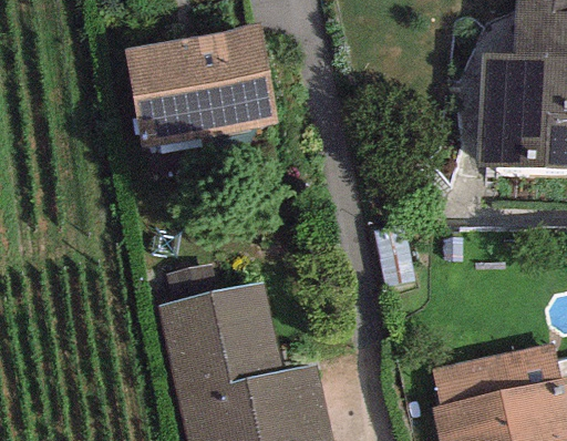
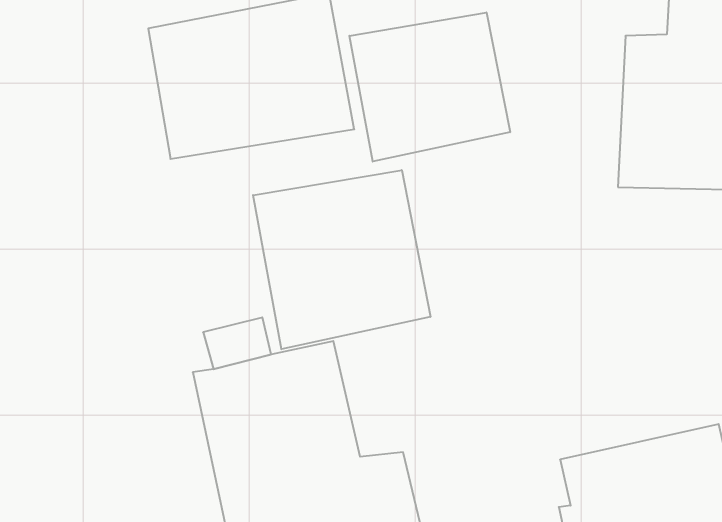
building: none -> [349,12,510,162]
building: none -> [253,170,430,349]

